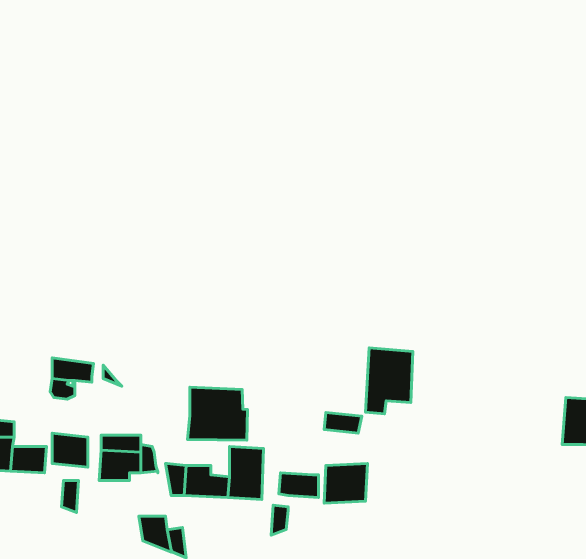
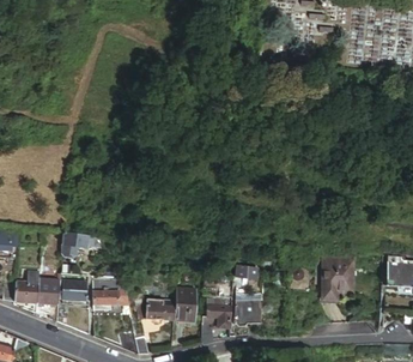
building: [366,348,413,414] -> [324,259,354,301]
building: [187,387,247,440] -> none

